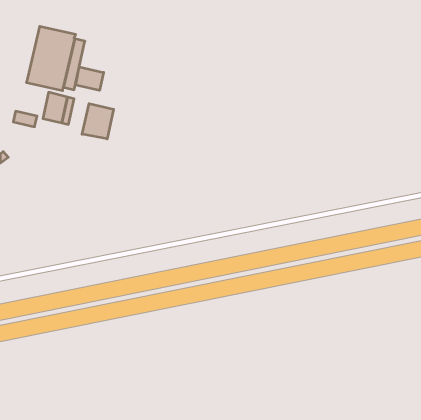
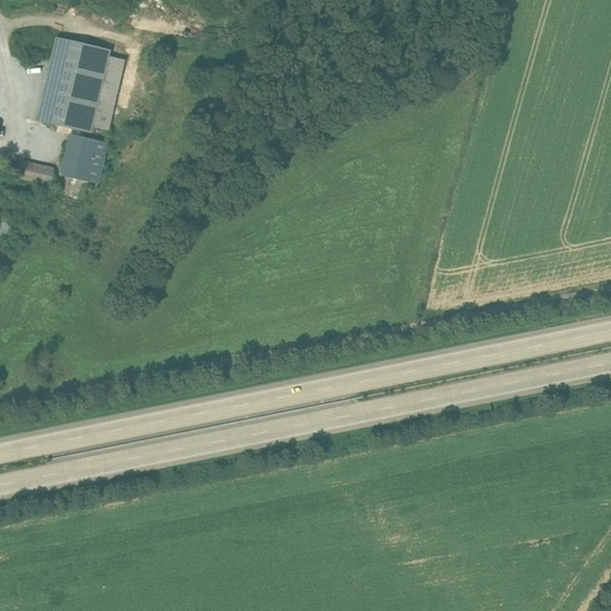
building: [76,67,104,90] -> none
building: [82,104,114,139] -> none

